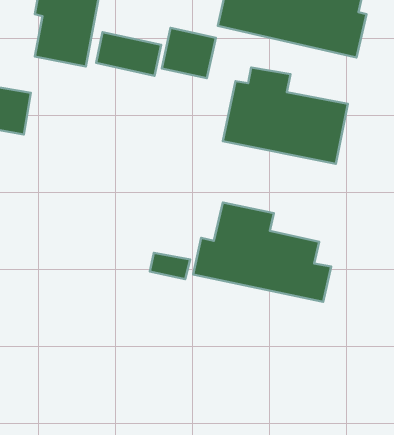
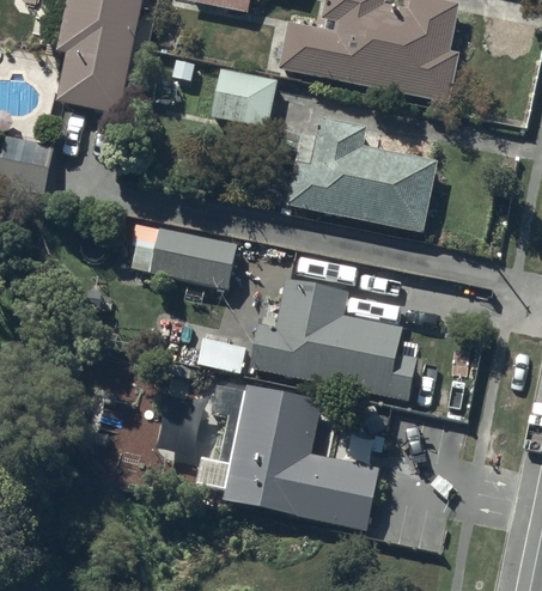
building: [96,32,161,76] -> none
building: none -> [129,227,235,287]
building: none -> [196,384,379,532]

